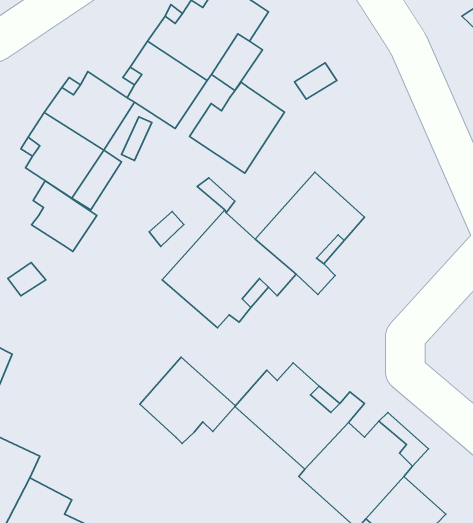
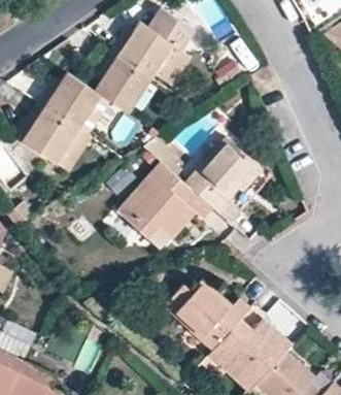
building: [190,82,285,173] -> none
building: [32,181,97,252] -> none
building: [140,357,236,444] -> none

